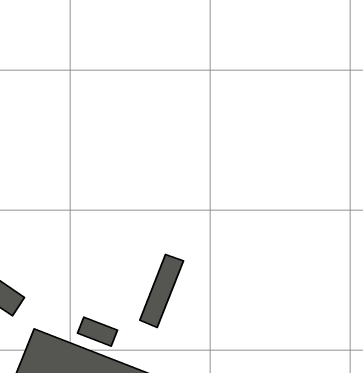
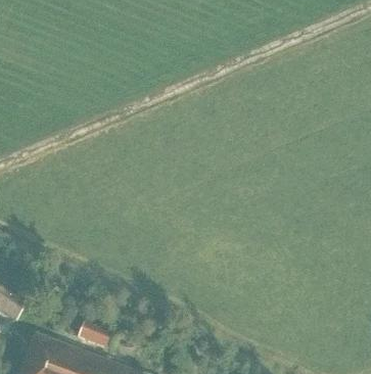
building: [140,255,183,327] -> none

